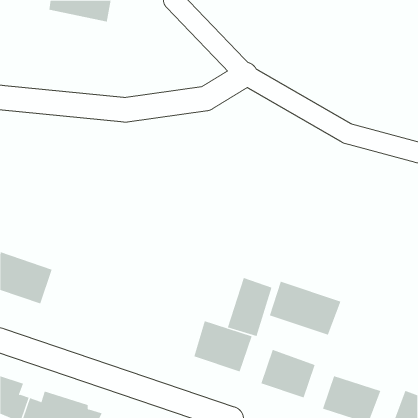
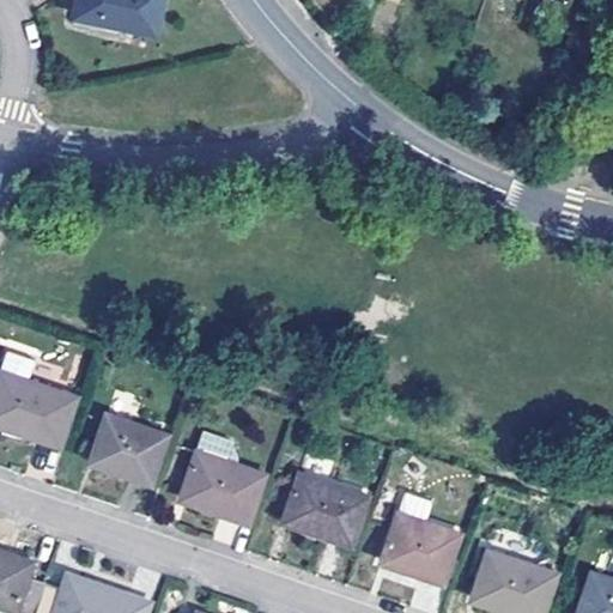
building: [227,277,272,337] -> none
building: [269,281,341,335] -> none
building: none -> [87,412,168,484]
building: none -> [178,448,267,523]

